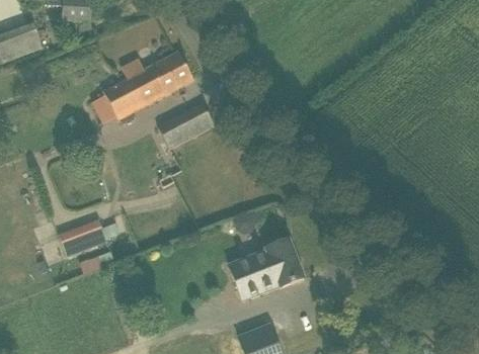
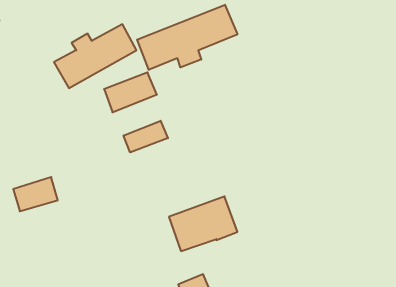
building: none -> [137,5,237,70]
building: none -> [124,121,168,152]

